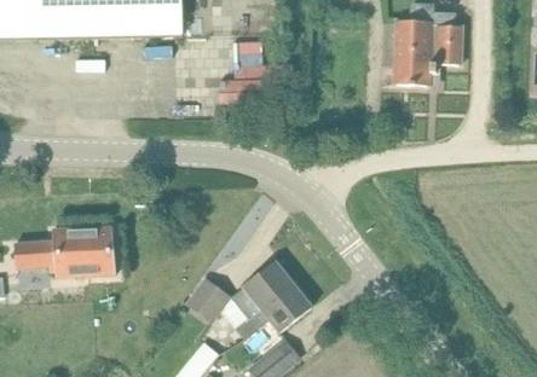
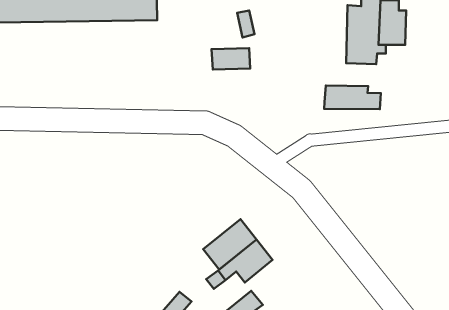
building: none -> [324,85,381,109]
building: [15,226,115,277] -> none
building: [185,278,230,324] -> none

